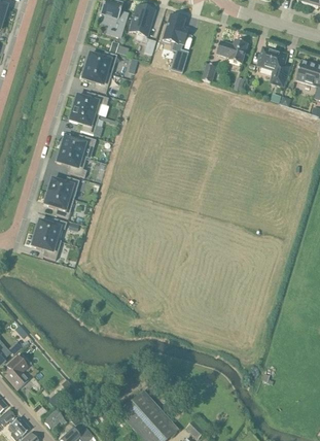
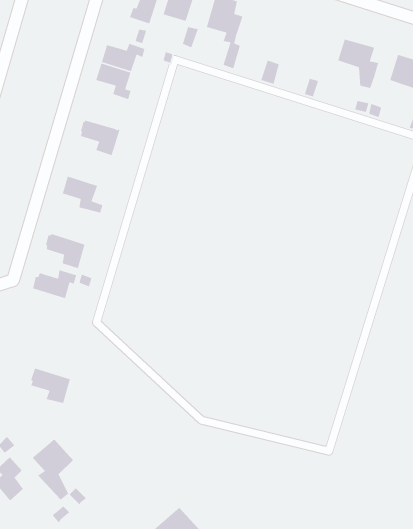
building: [217,38,248,63] -> none
building: [72,92,108,113] -> none
building: [60,134,96,156] -> none
building: [46,175,79,199] -> none
building: [31,232,61,259] -> [30,367,71,404]
building: none -> [32,439,74,501]

